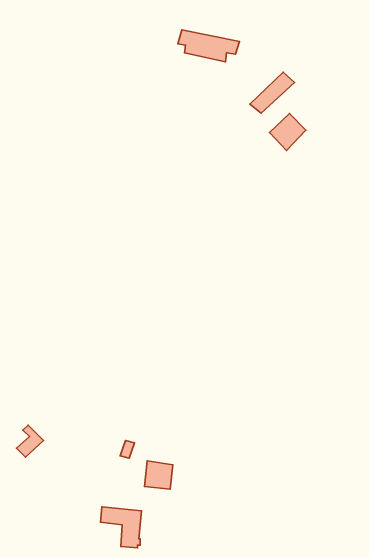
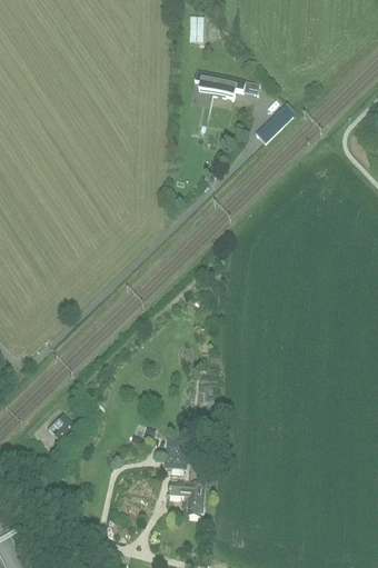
building: [269,113,306,150] -> none
building: [100,507,141,548] -> [168,479,203,515]

